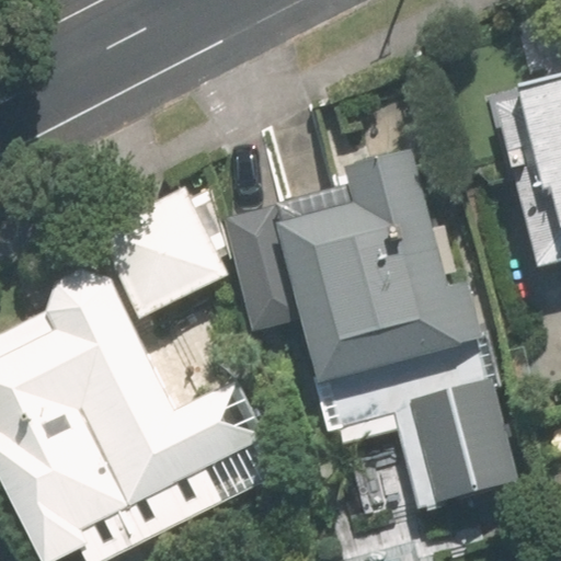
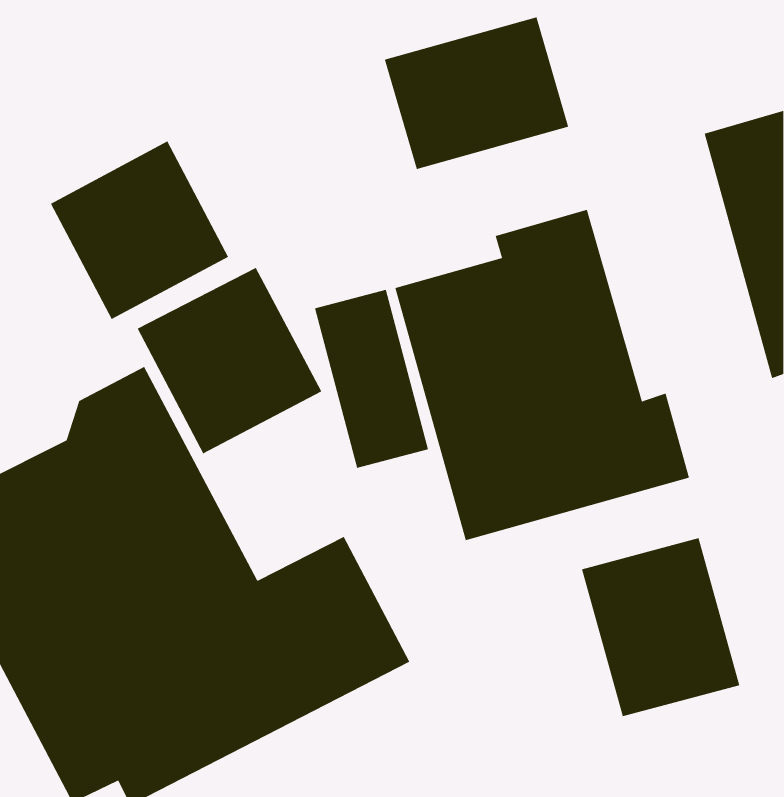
building: none -> [384,17,569,170]
building: none -> [50,141,229,320]

